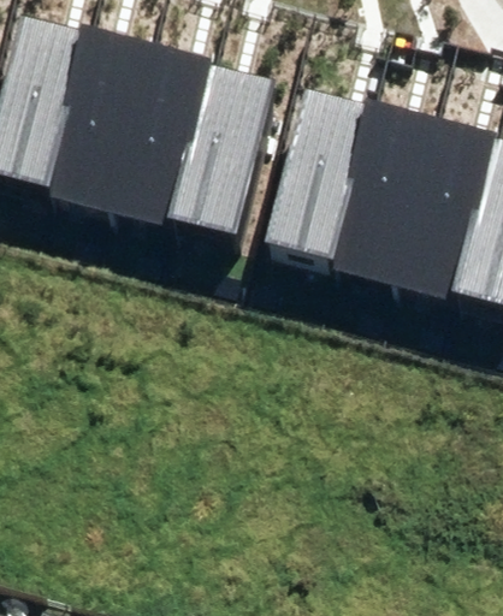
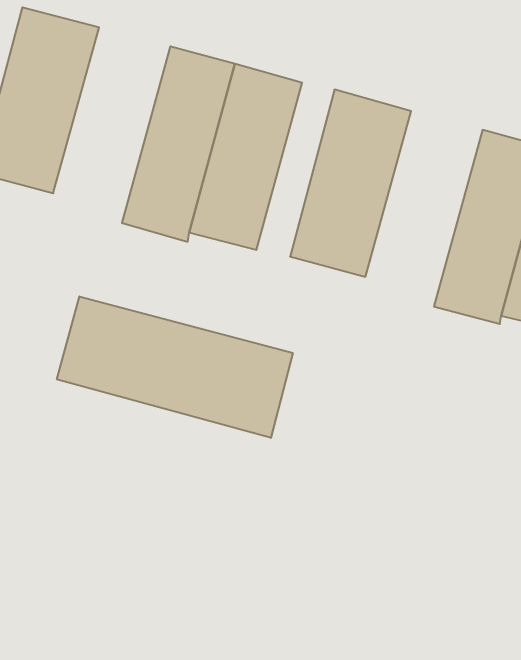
building: [49,36,156,211] -> none
building: [329,111,436,285] -> none
building: none -> [57,296,293,438]

